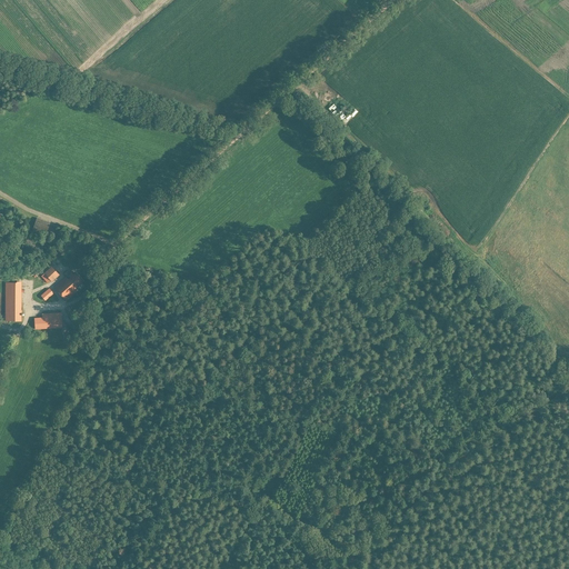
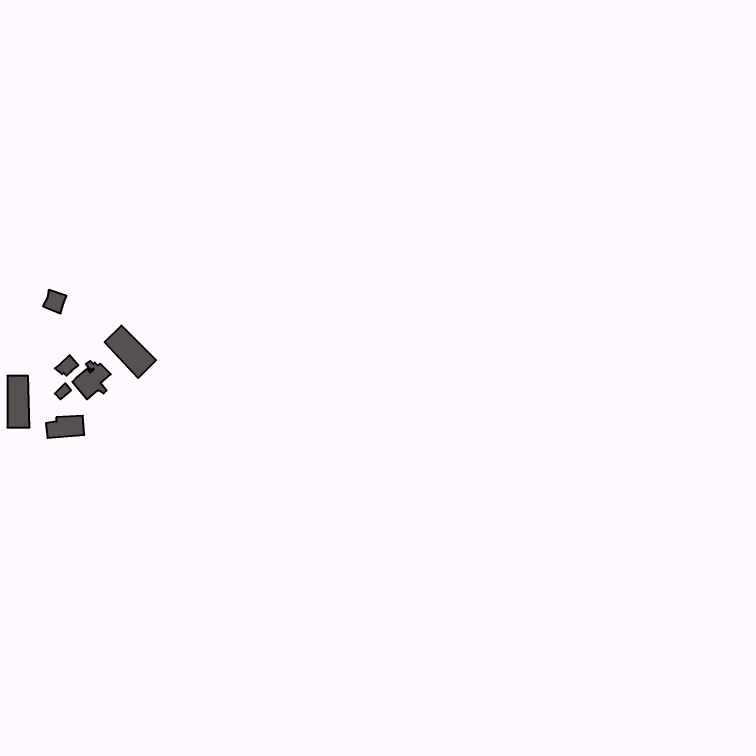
building: none -> [105,325,156,378]

